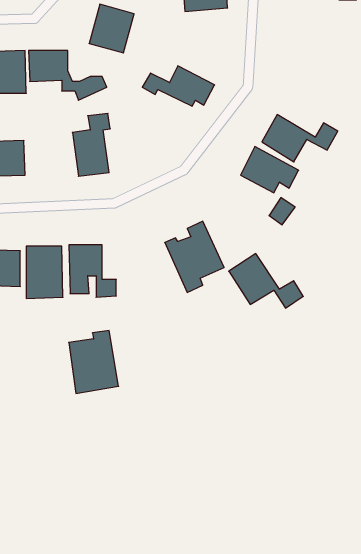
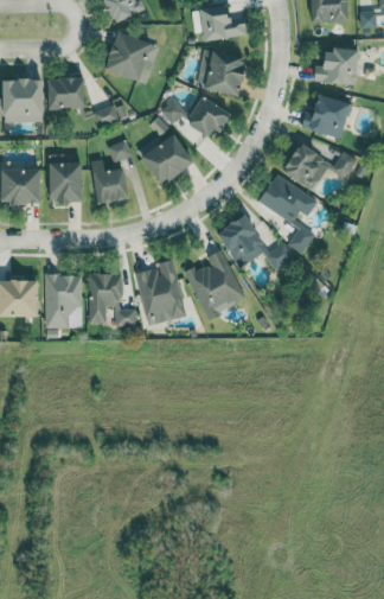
building: none -> [197,49,249,95]
building: none -> [313,49,359,83]
building: none -> [303,93,352,138]
building: none -> [142,133,196,185]
building: none -> [49,163,84,203]
building: [229,254,303,308] -> [218,216,293,270]
building: [69,331,119,393] -> [134,260,184,323]

